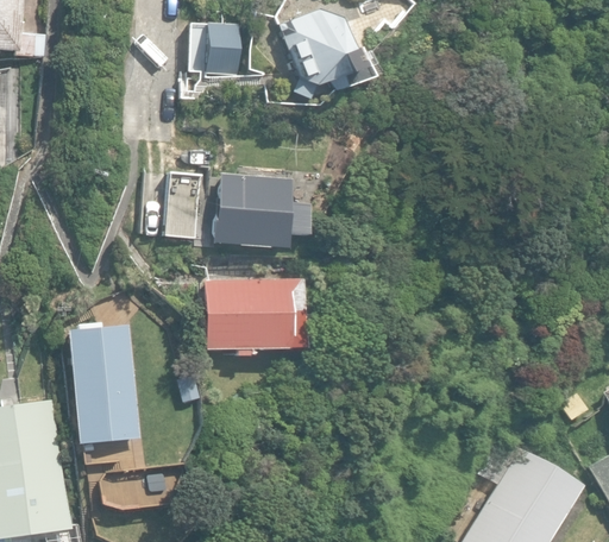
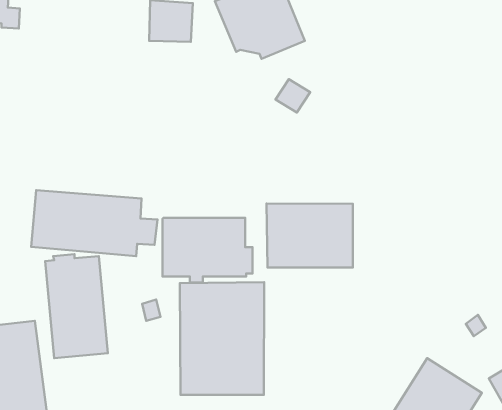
building: [162,172,310,250] -> [31,190,158,256]
building: none -> [267,204,353,268]
building: none -> [180,282,264,395]

